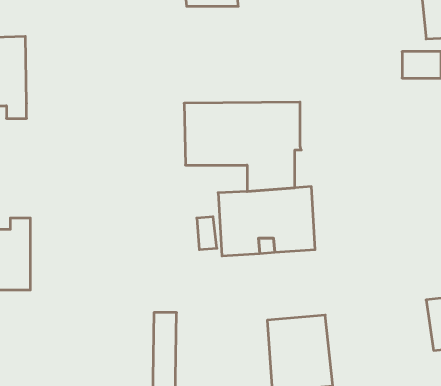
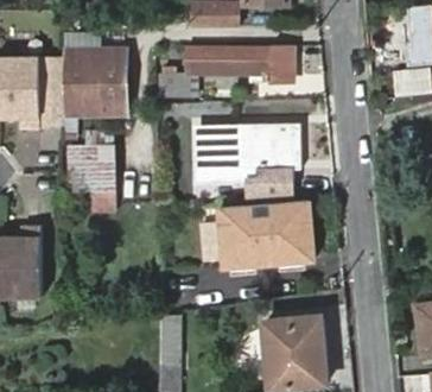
building: none -> [160,44,293,96]
building: none -> [39,56,127,119]
building: none -> [66,145,117,194]

